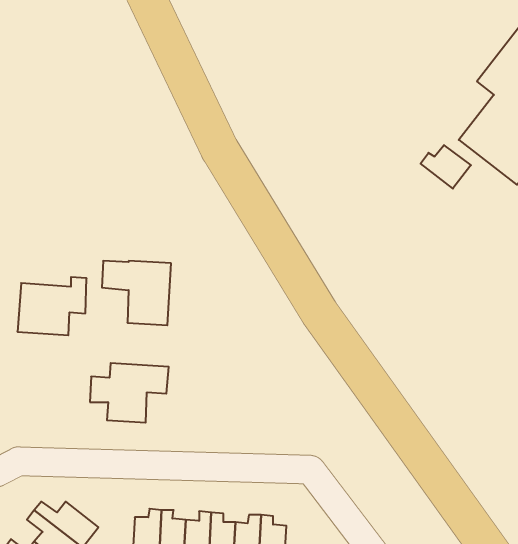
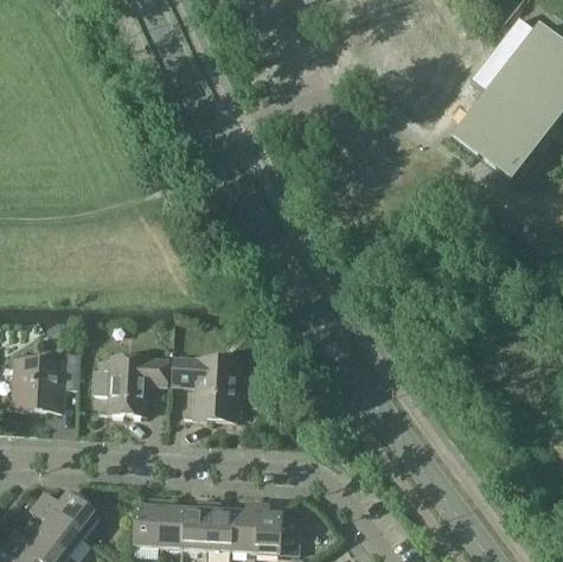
building: [421,145,471,189] -> none
building: [102,261,171,325] -> [172,357,239,420]
building: [17,277,87,335] -> [13,352,81,409]

